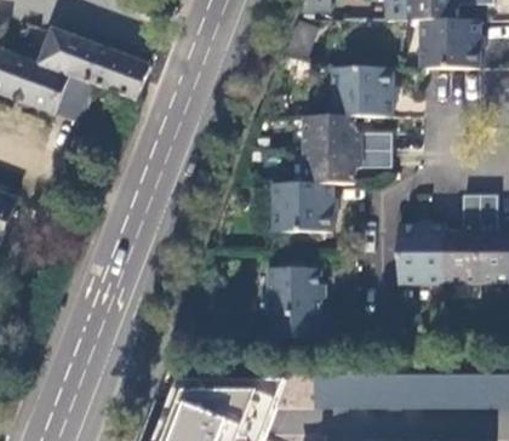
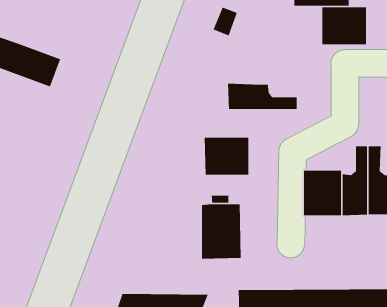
building: [40,30,150,101] -> none
building: [333,68,390,116] -> none
building: [303,149,390,183] -> none

